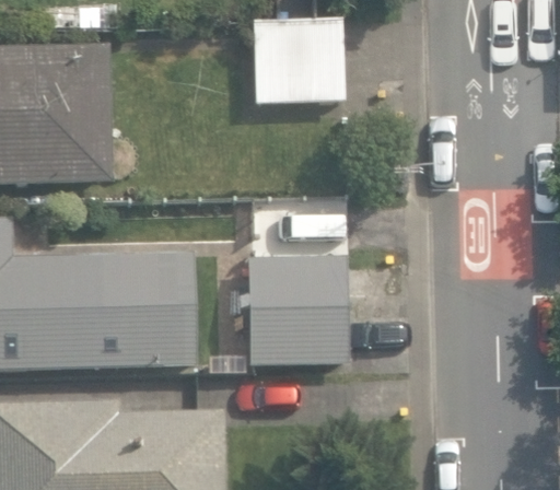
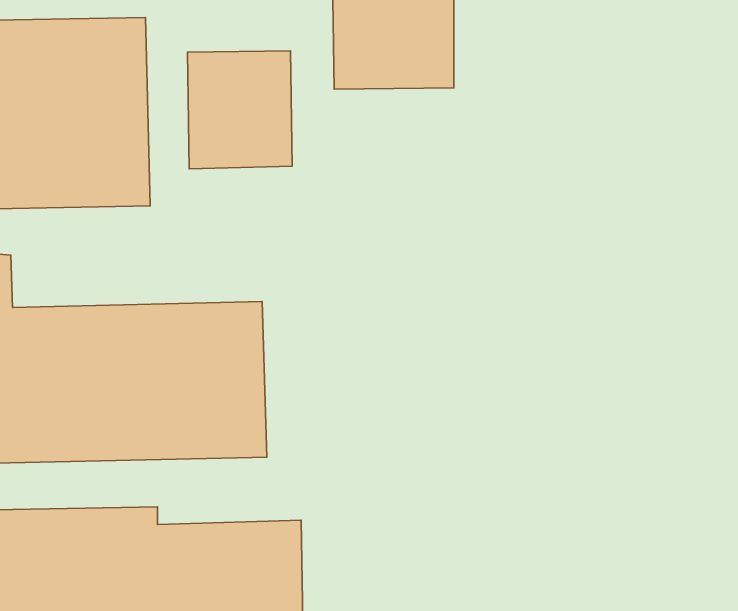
building: none -> [188,51,292,169]
building: [248,258,350,368] -> none

